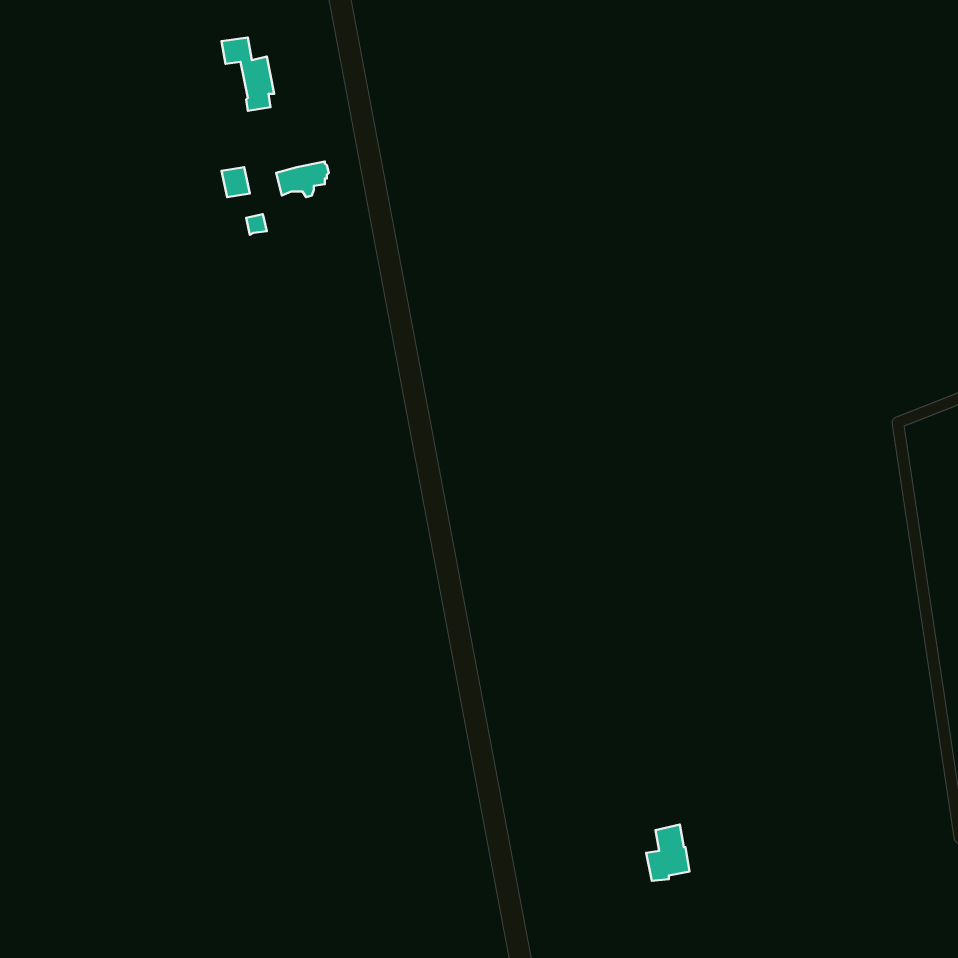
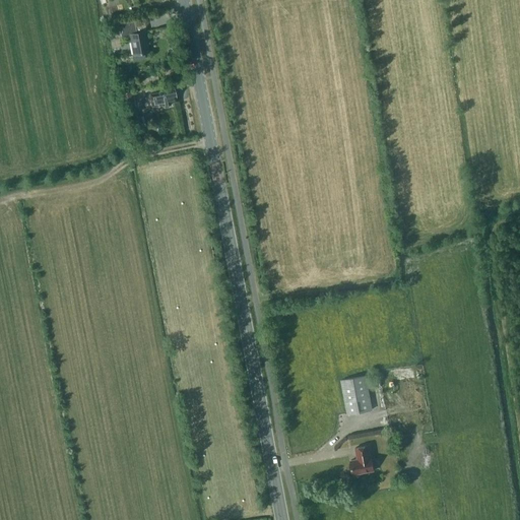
building: none -> [341,376,373,414]

